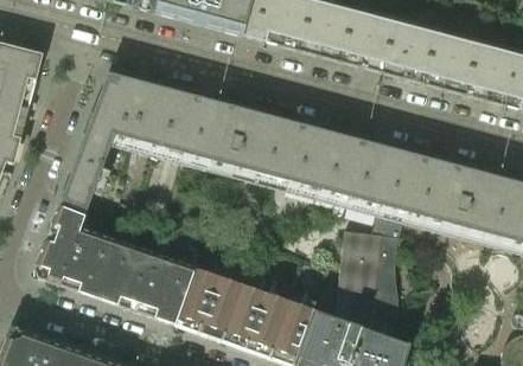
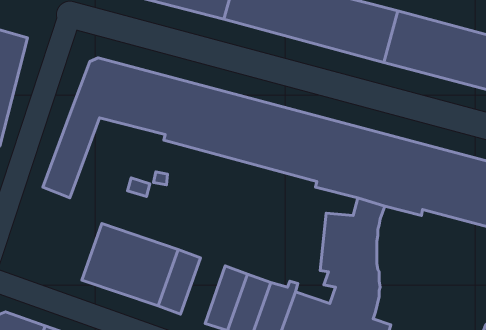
building: [34,204,117,297] -> none
building: [197,275,242,341] -> none

